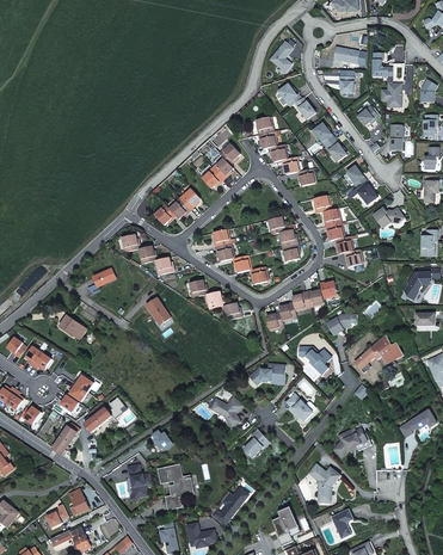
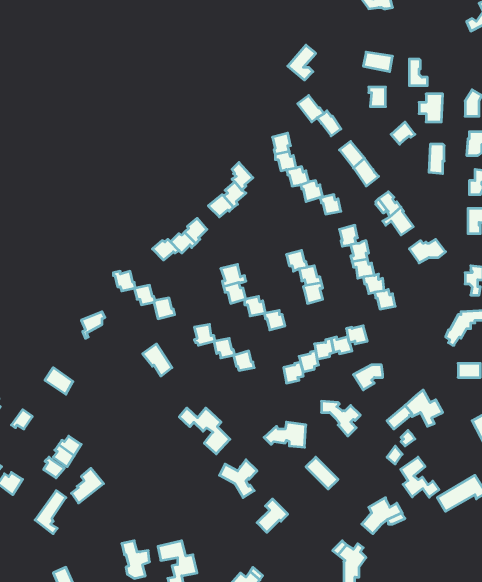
building: none -> [179,408,230,454]
building: none -> [401,457,439,497]

